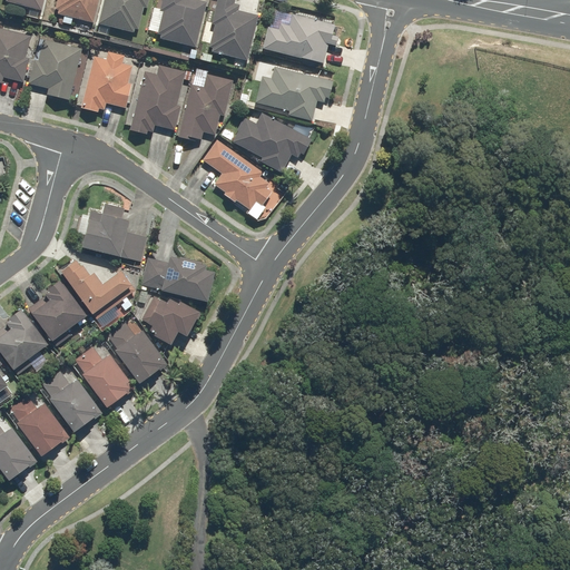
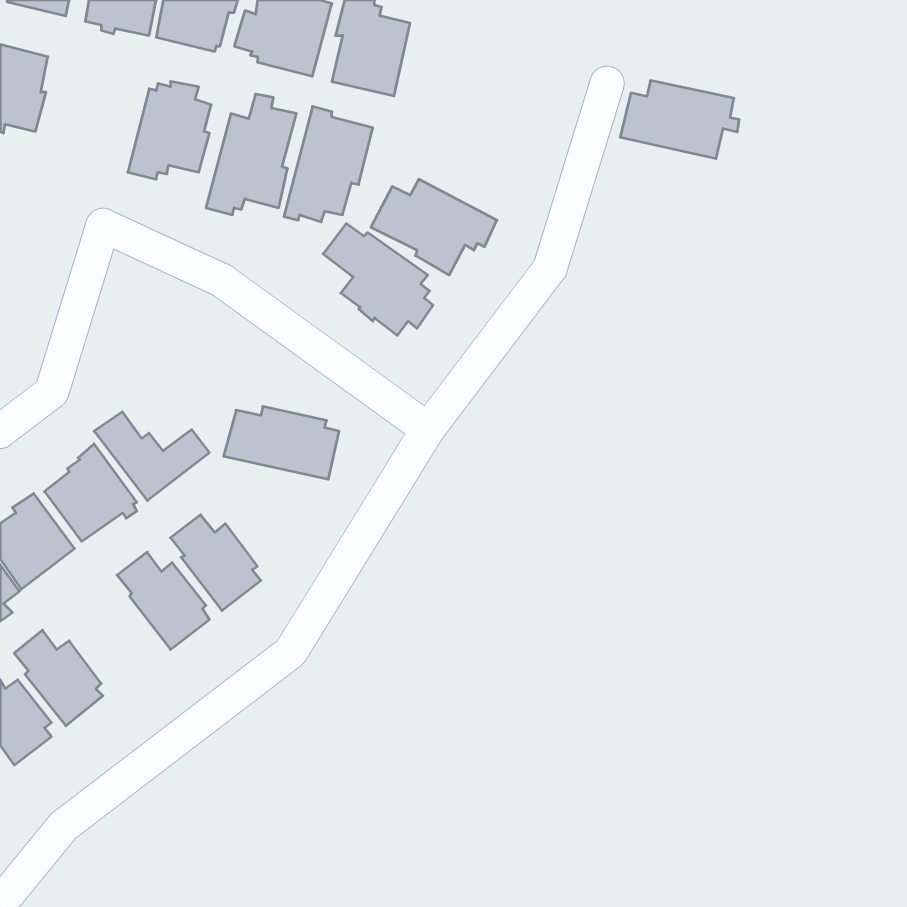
building: [263,13,337,62] -> [620,81,739,159]
building: [28,39,80,99] -> none
building: [255,67,333,121] -> none
building: [81,203,146,261] -> none
building: [141,294,199,344] -> none
building: [42,372,97,431] -> none

